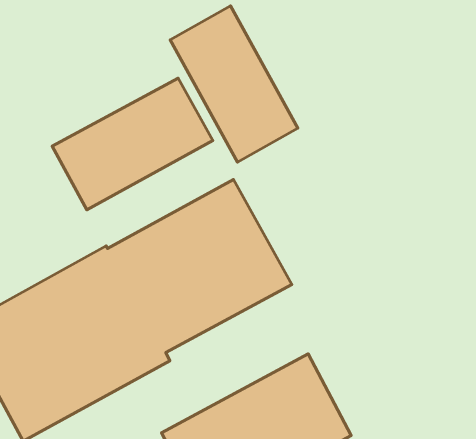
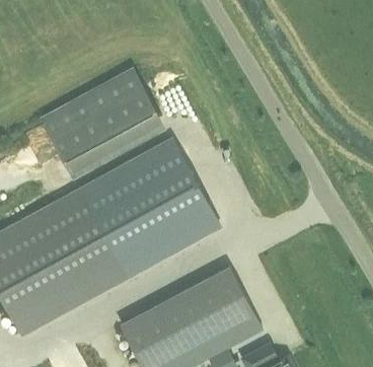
building: [170,6,298,162] -> none

